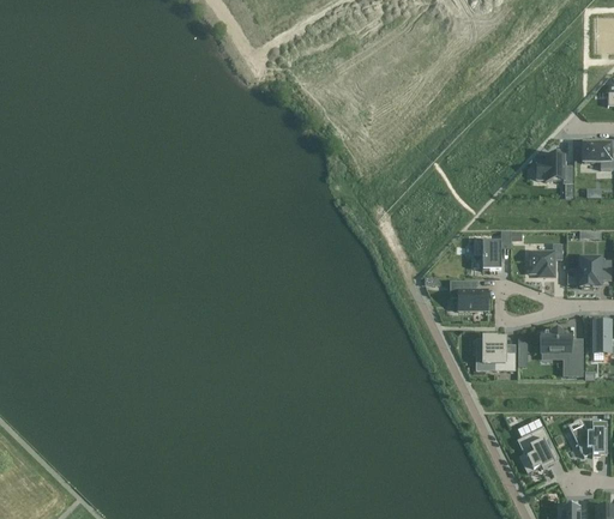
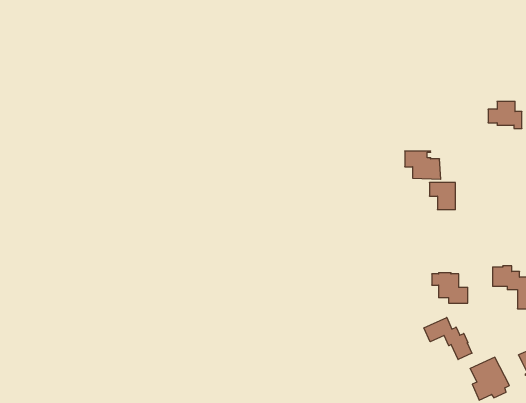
building: [530,243,561,276] -> none
building: [450,280,488,310] -> [405,151,441,179]
building: none -> [424,317,472,360]

